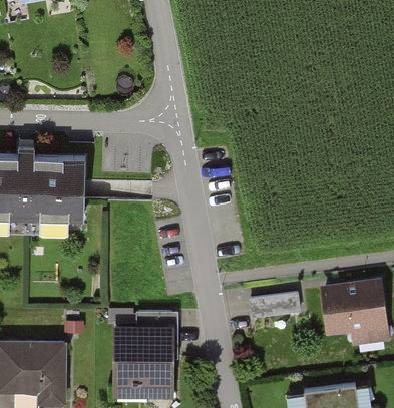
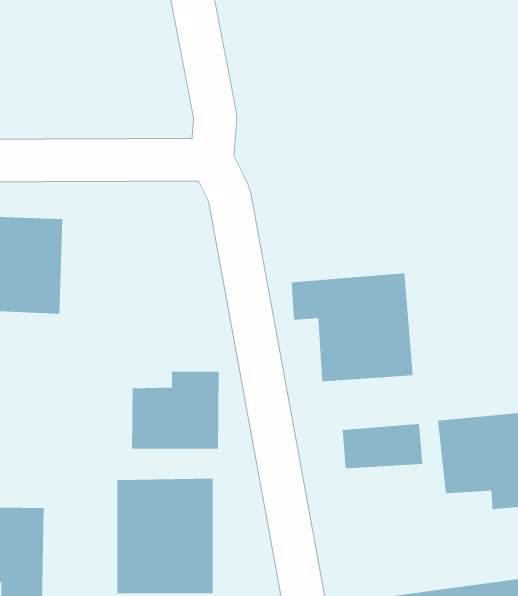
building: none -> [291,272,413,382]
building: none -> [131,371,219,449]

